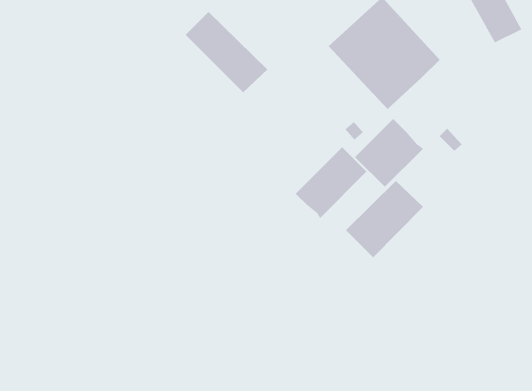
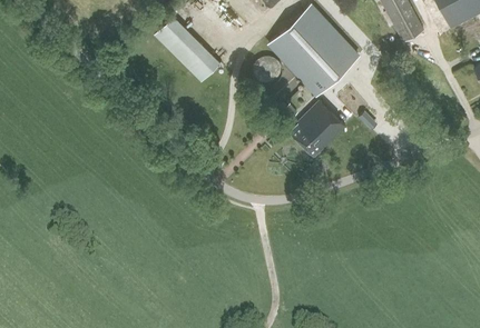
building: [295,147,367,219] -> none
building: [345,180,424,258] -> none

